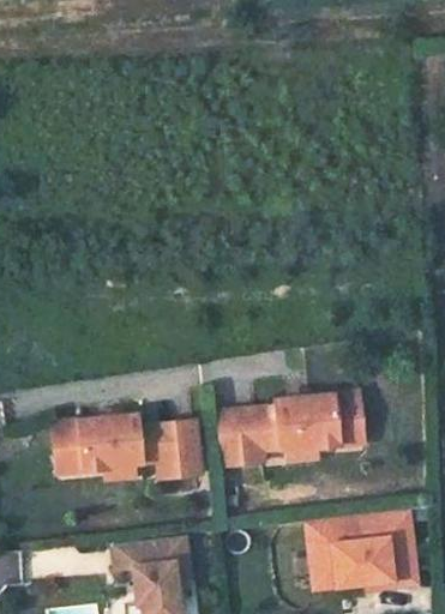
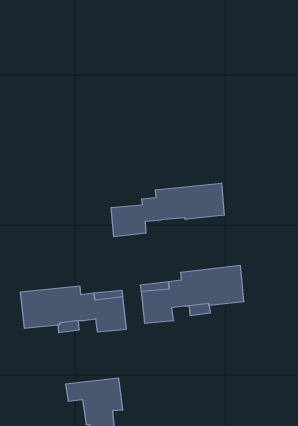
building: none -> [111,183,224,237]
building: [309,516,415,588] -> none

